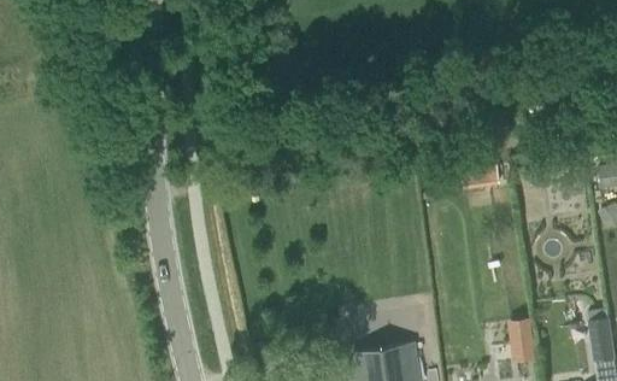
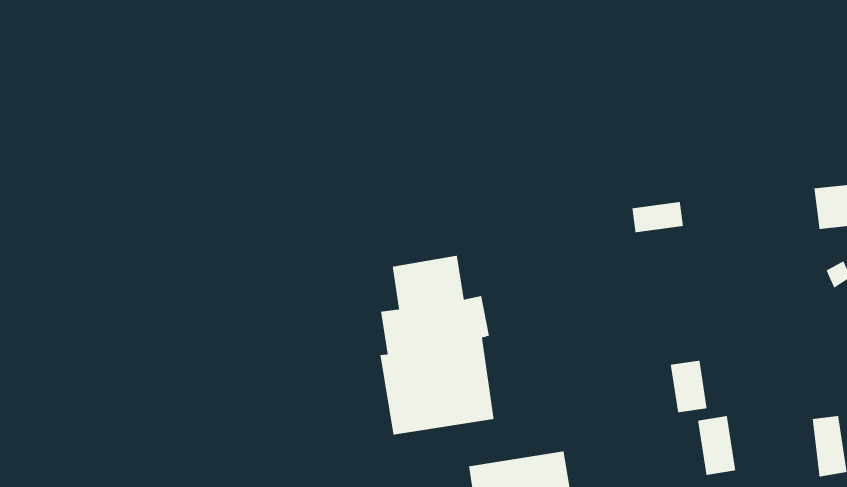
building: none -> [379,255,495,436]
building: none -> [670,360,708,413]

